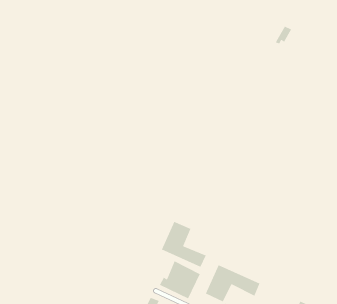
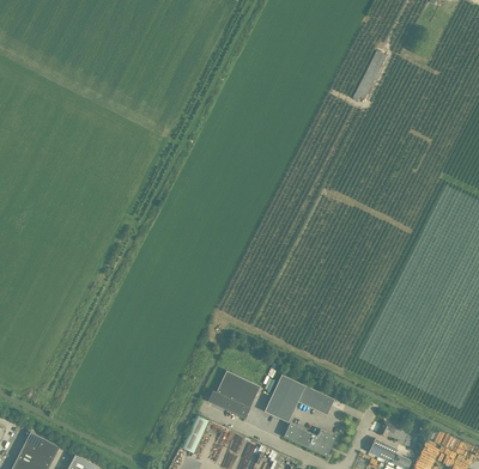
building: [161,221,207,268] -> none

